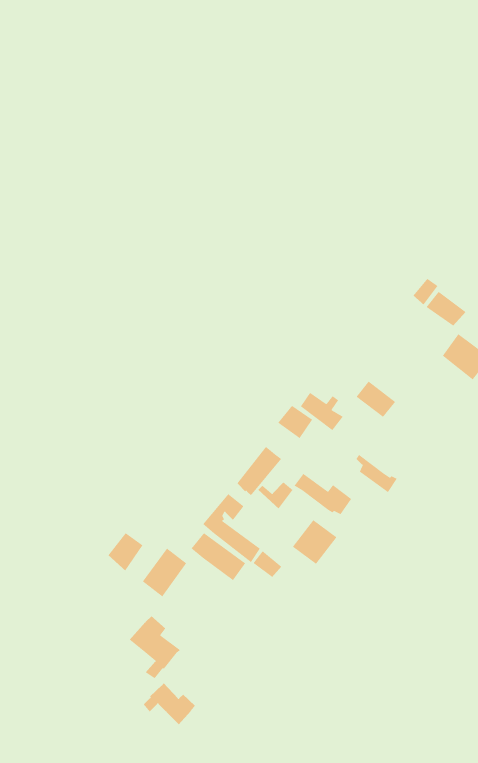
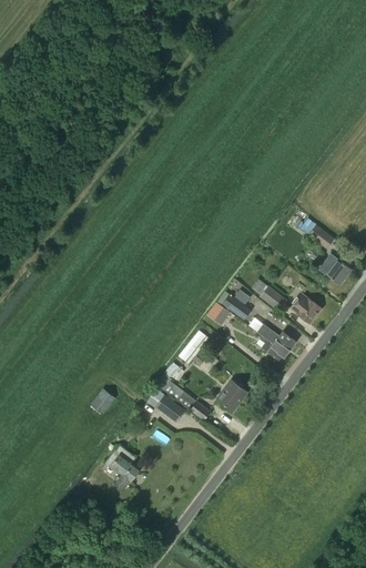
building: none -> [289,293,322,323]
building: [294,473,352,515] -> [256,323,296,352]
building: [142,547,187,597] -> none
building: [143,682,196,725] -> none

